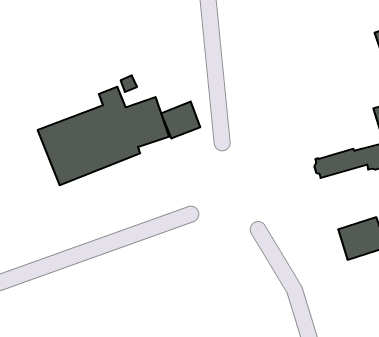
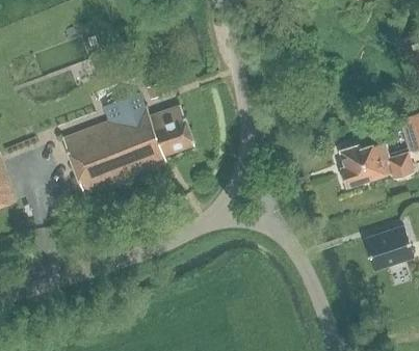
building: [161,101,200,139] -> none
building: none -> [340,143,388,168]

